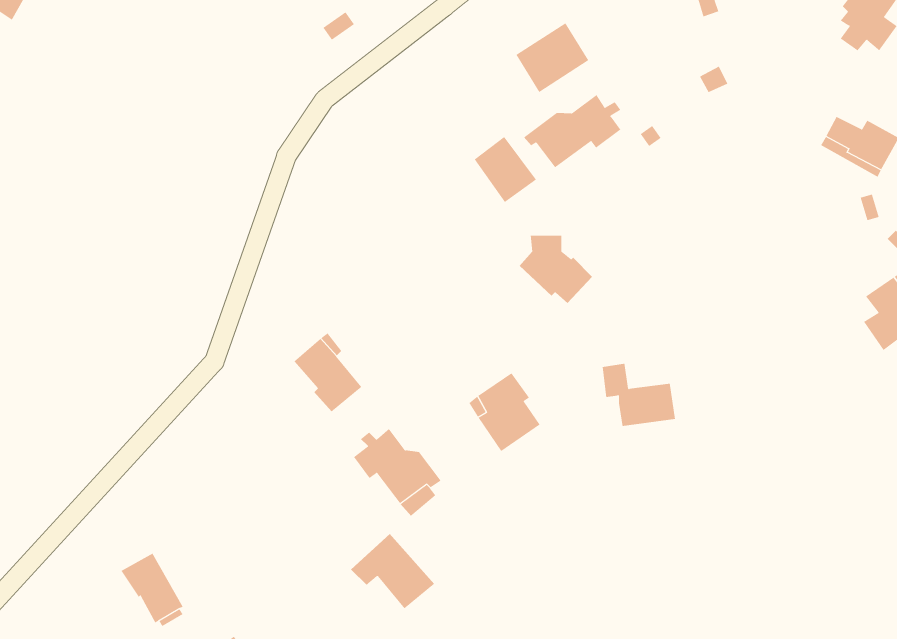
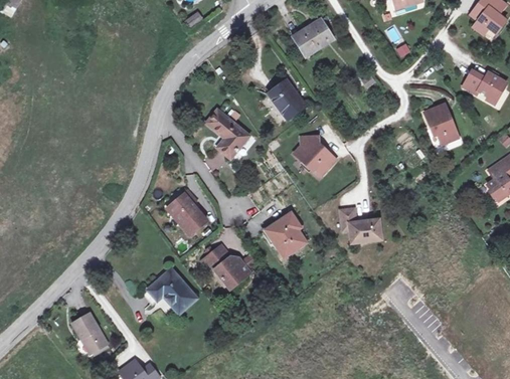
building: [523,94,621,168] -> none
building: none -> [423,104,458,144]
building: none -> [206,109,248,157]
building: [350,533,435,609] -> [148,269,195,312]

